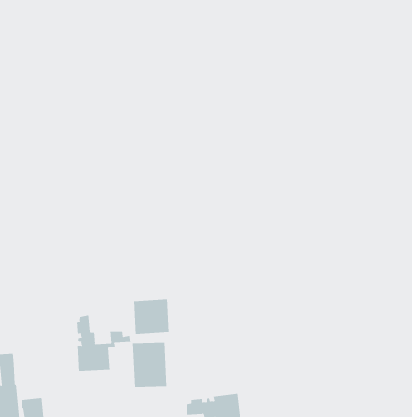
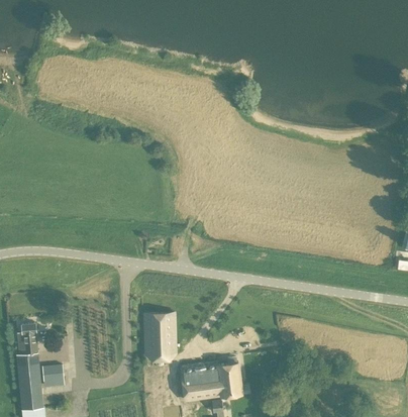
building: [134,299,169,335] -> none
building: [76,314,131,372] -> none

